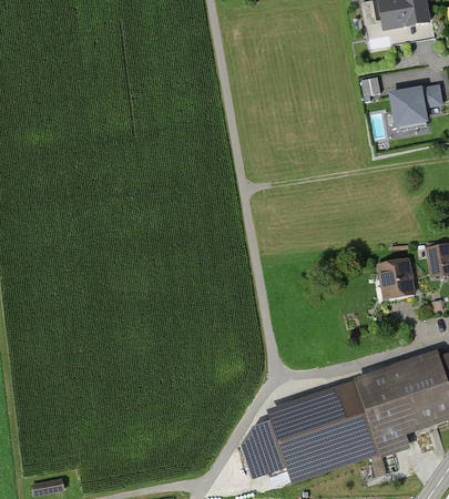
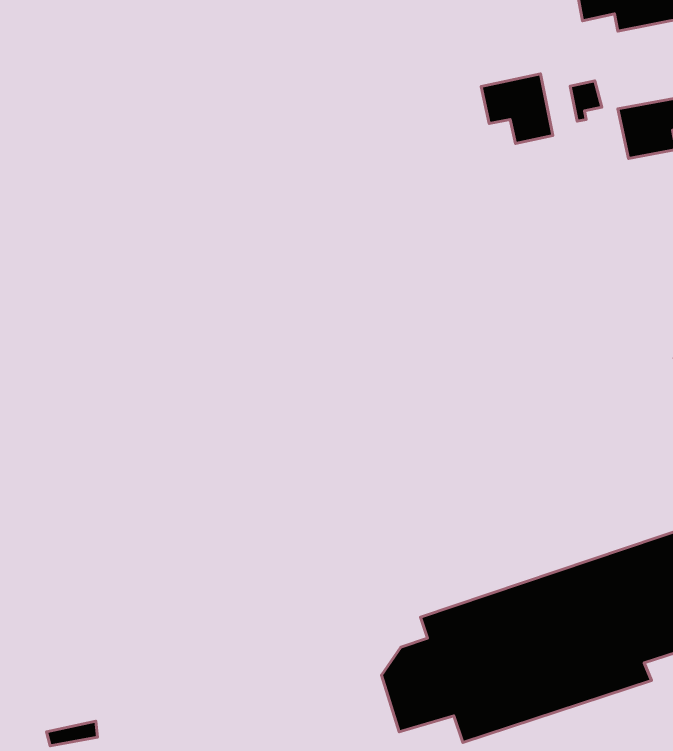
building: none -> [481,74,553,144]
building: [378,257,417,303] -> none

